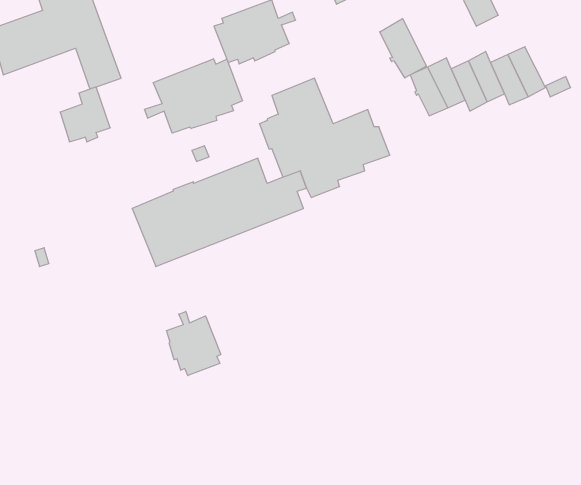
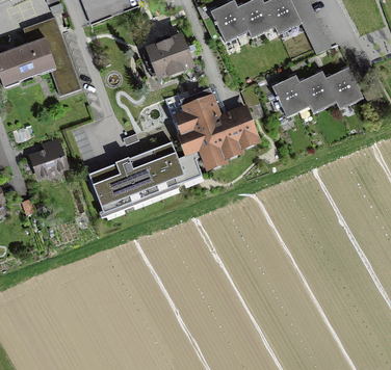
building: [380,19,426,78] -> none
building: [144,59,242,133] -> none
building: [60,87,110,142] -> [32,138,66,175]
building: [166,311,221,376] -> none

